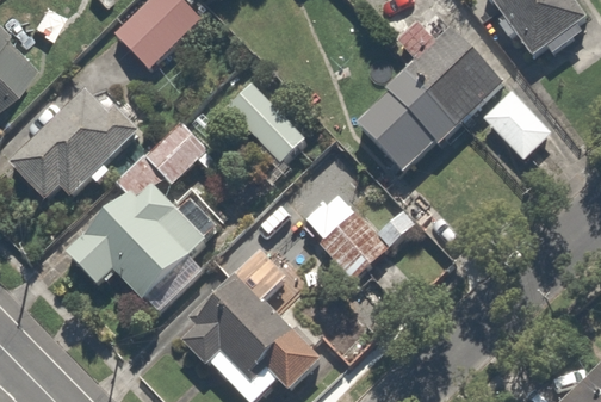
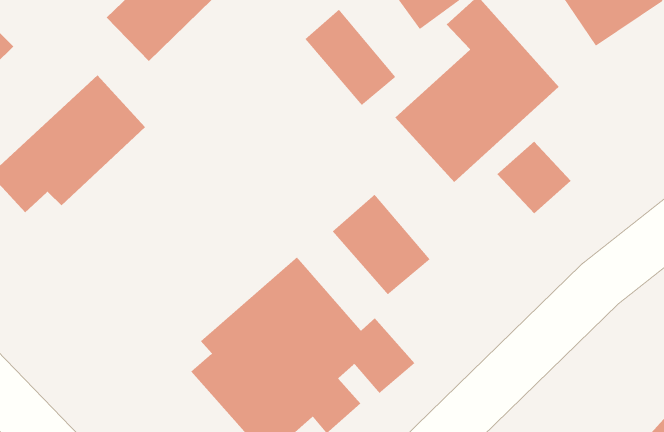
building: [228,80,306,163] -> [305,9,396,106]
building: [490,91,554,154] -> [497,141,572,214]
building: [64,117,225,313] -> none

